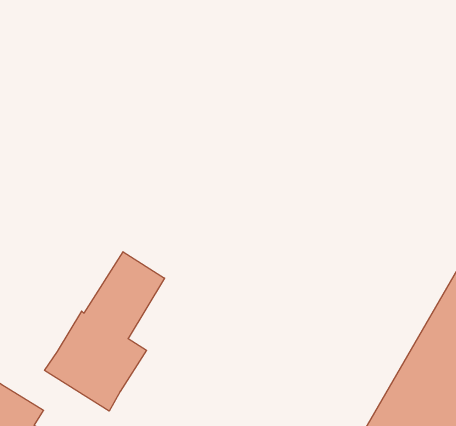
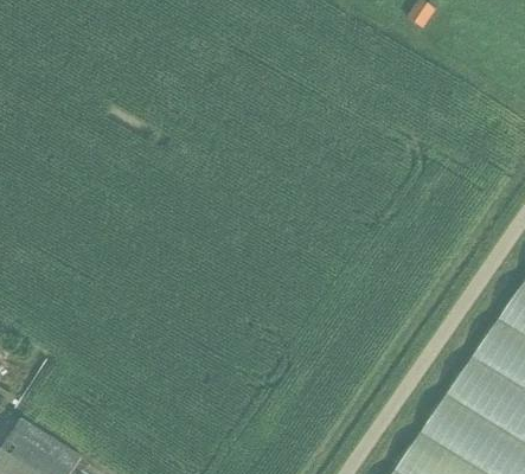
building: [45,252,165,411] -> none

